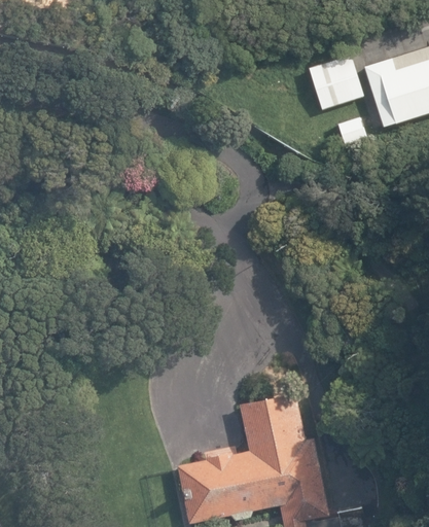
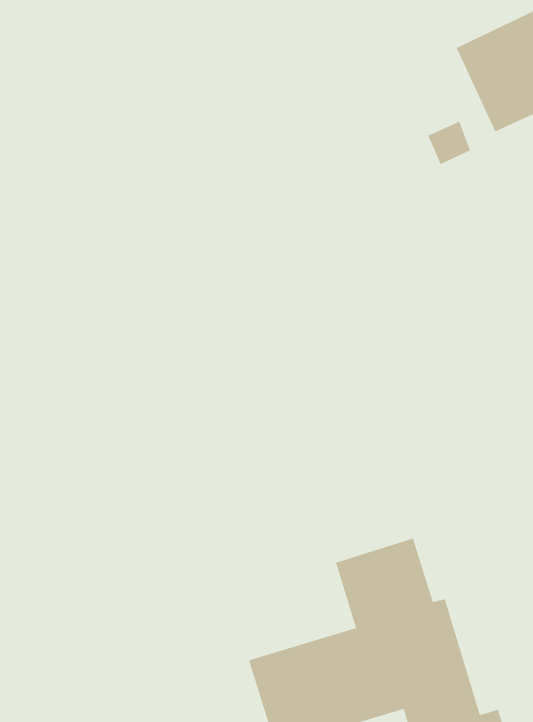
building: [309,56,363,110] -> none

